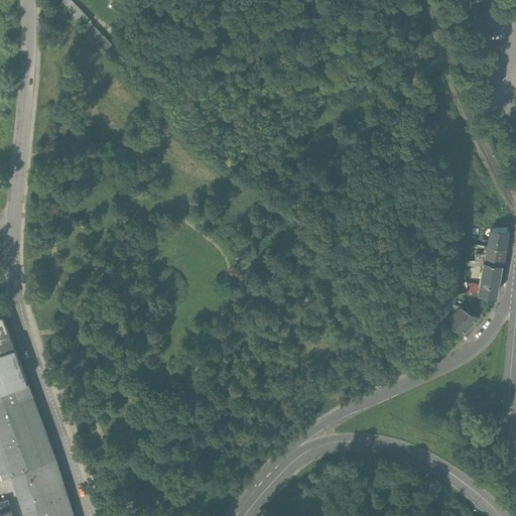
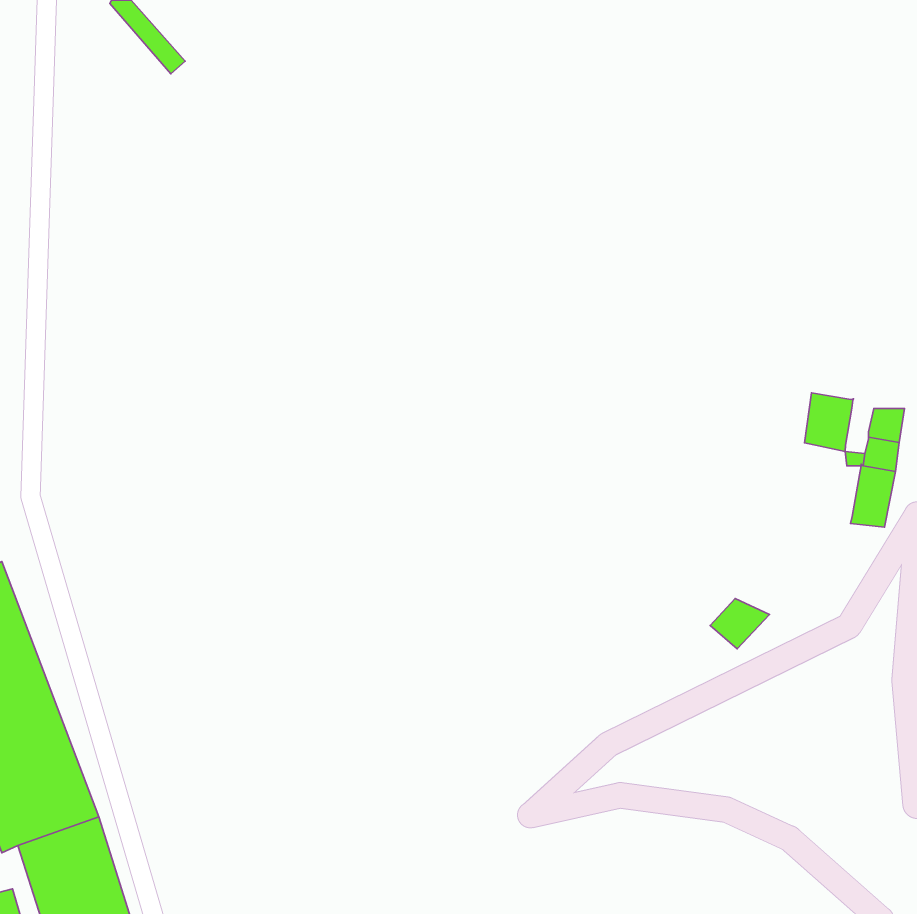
building: none -> [804,393,853,452]
building: [445,309,479,338] -> [710,598,769,649]

